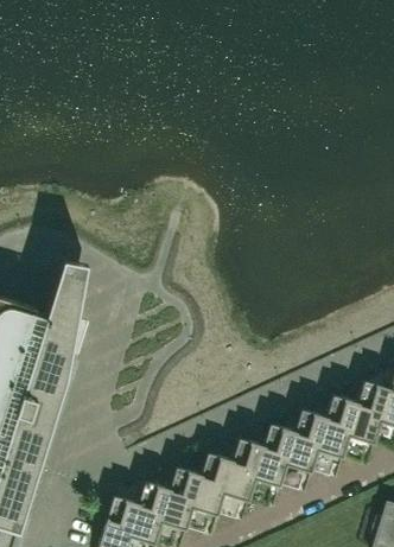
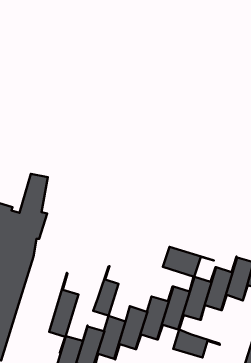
building: none -> [163,247,214,277]
building: none -> [93,266,119,316]
building: none -> [49,273,78,353]
building: none -> [173,330,220,357]

